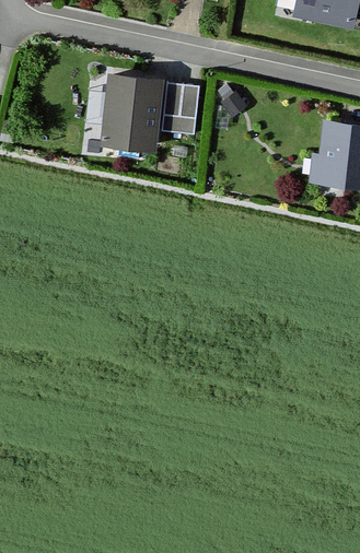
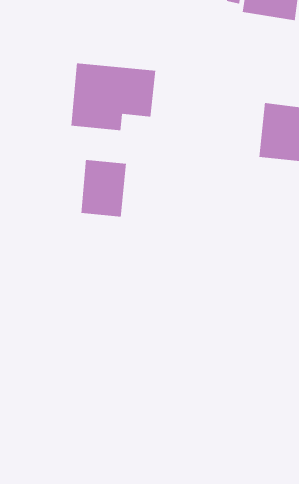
building: none -> [81,159,127,217]

